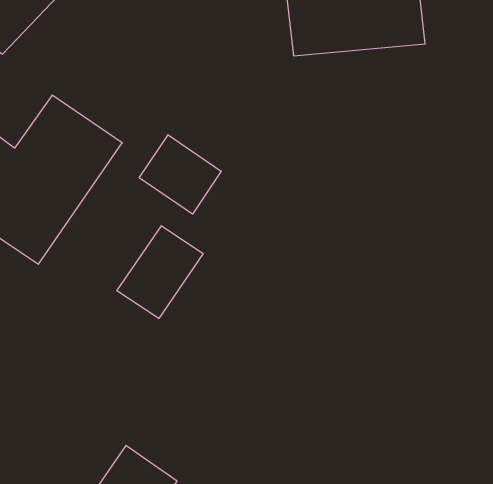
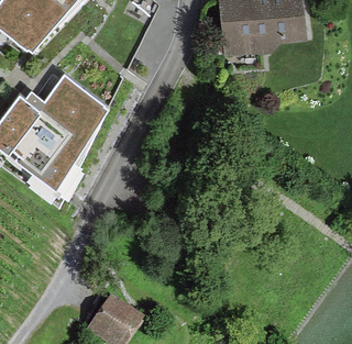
building: [139,135,221,214] -> none
building: [117,226,203,319] -> none

